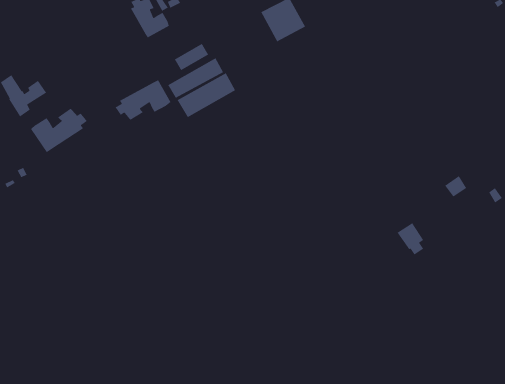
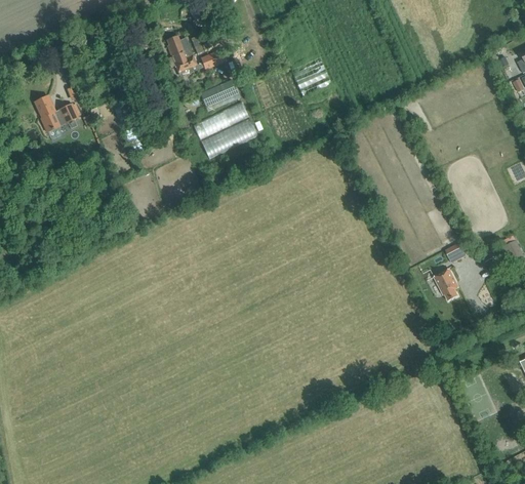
building: [114,79,172,121] -> none
building: [30,108,88,153] -> none
building: [396,222,424,255] -> [433,268,458,299]

